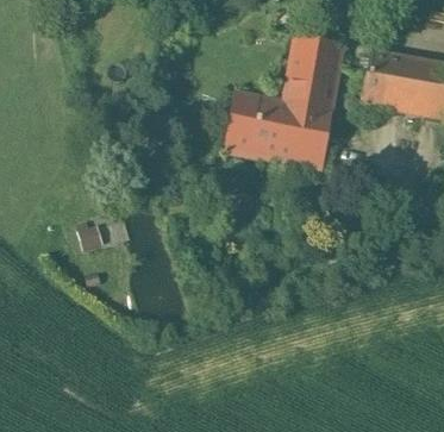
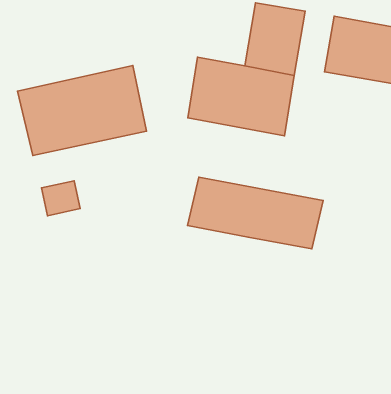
building: none -> [18,66,147,155]
building: none -> [187,177,323,249]

